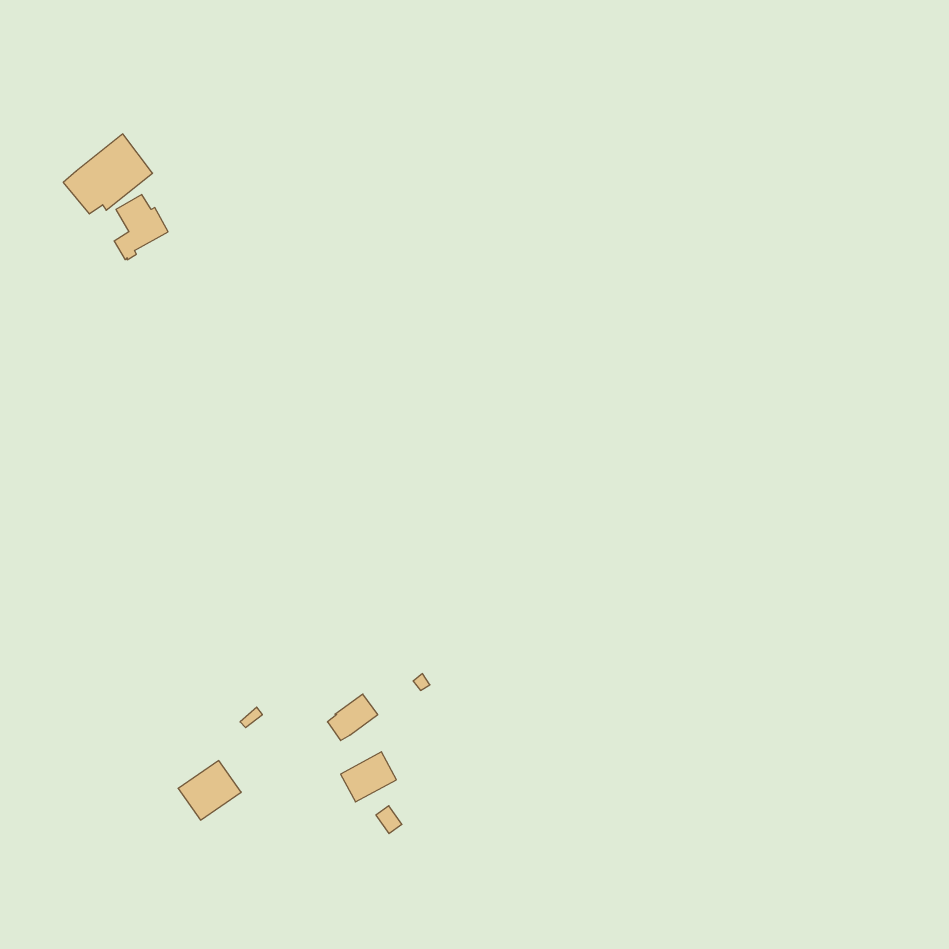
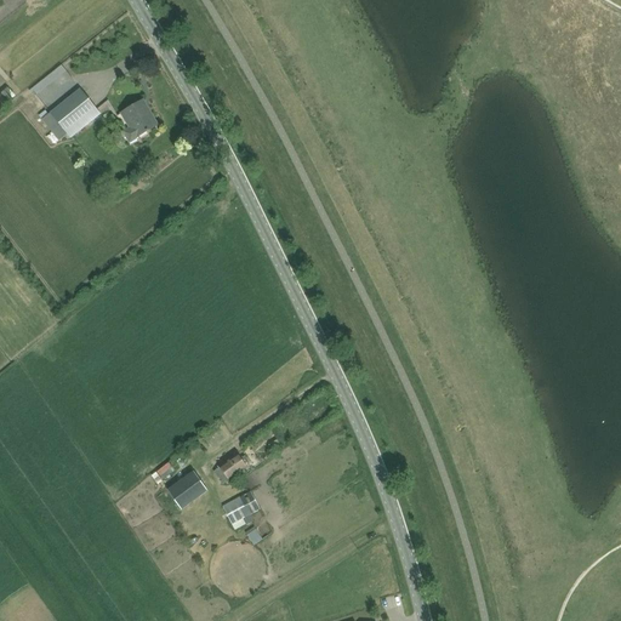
building: [114,195,168,260] -> [121,101,156,143]
building: [178,761,241,820] -> [166,469,207,508]

